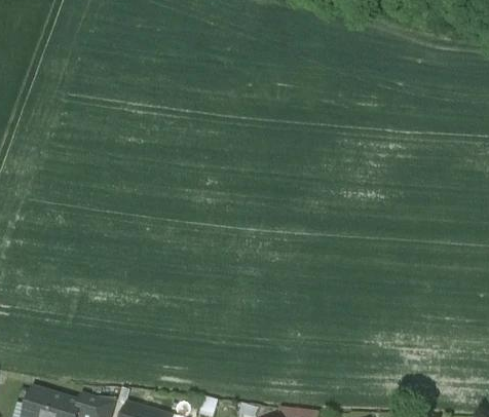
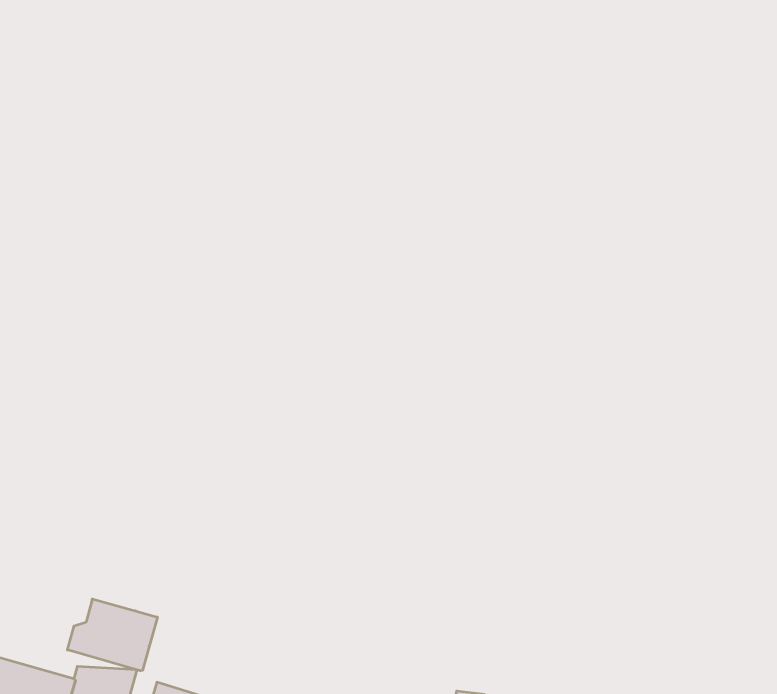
building: none -> [67,599,157,671]

